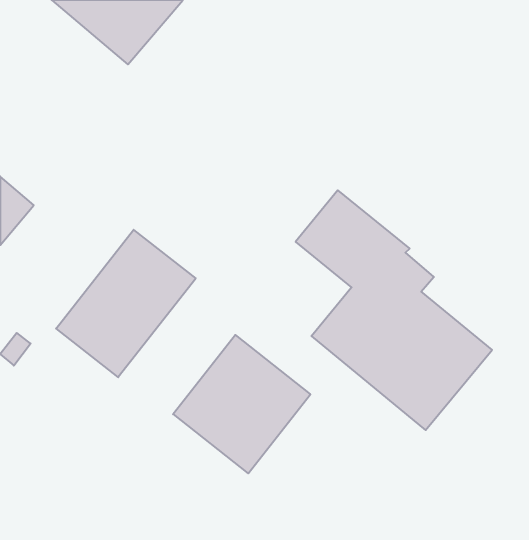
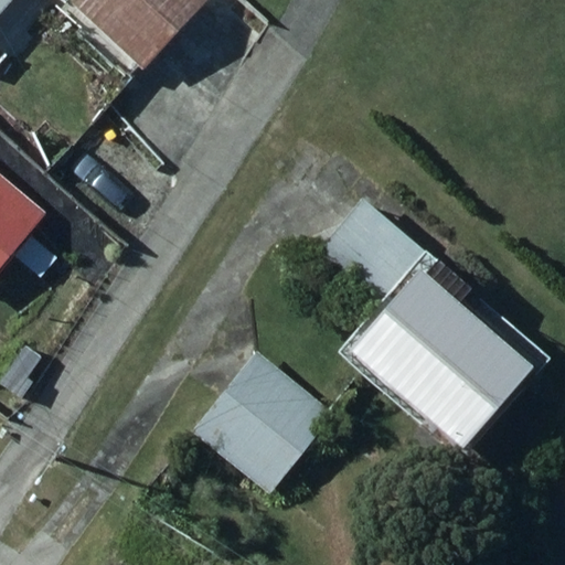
building: [56,230,196,377] -> none

